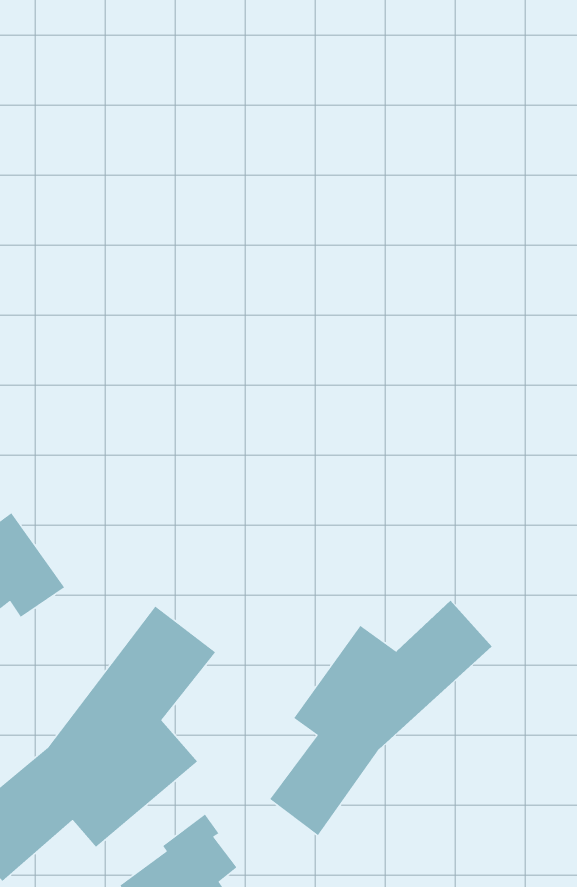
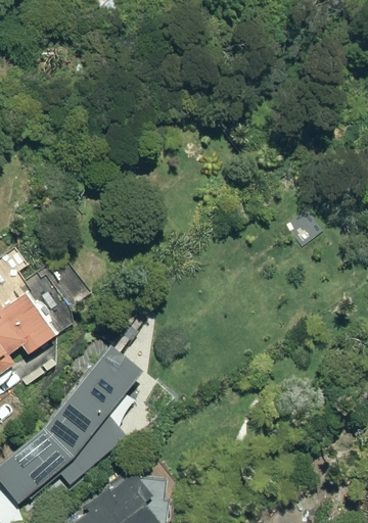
building: [269,600,493,836] -> none

